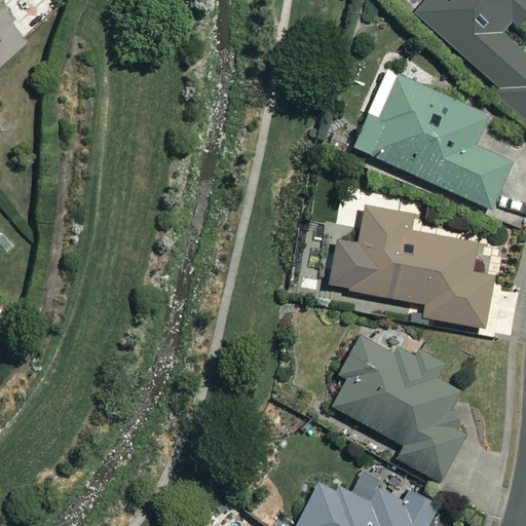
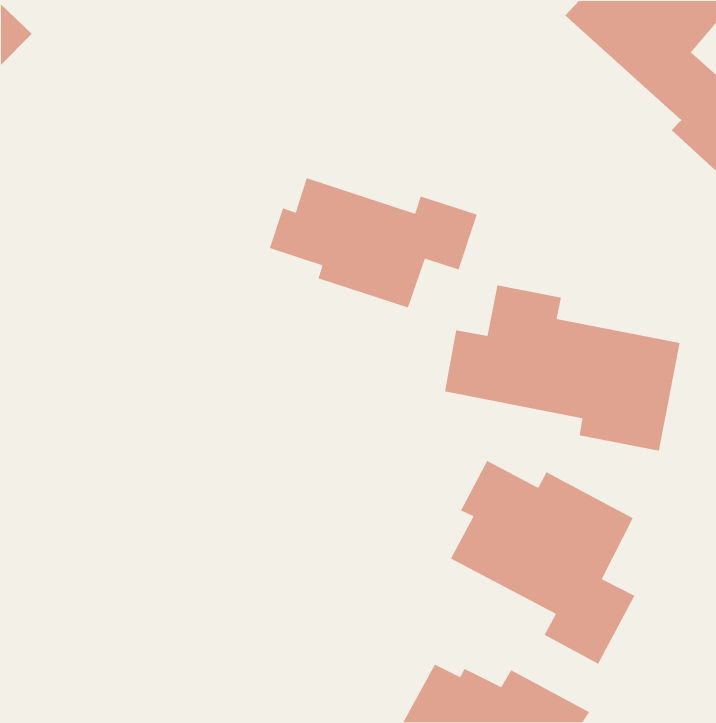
building: [354,76,511,209] -> none
building: none -> [269,177,478,308]

